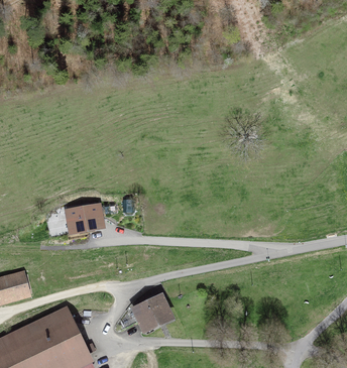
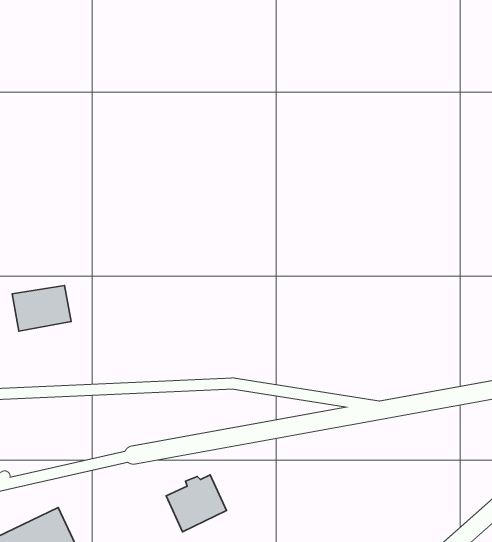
building: [67,204,103,232] -> [12,286,71,331]

